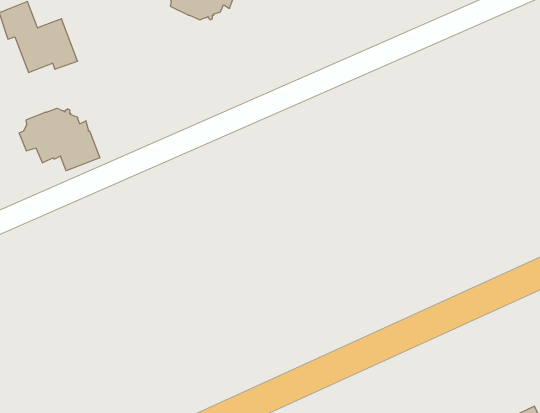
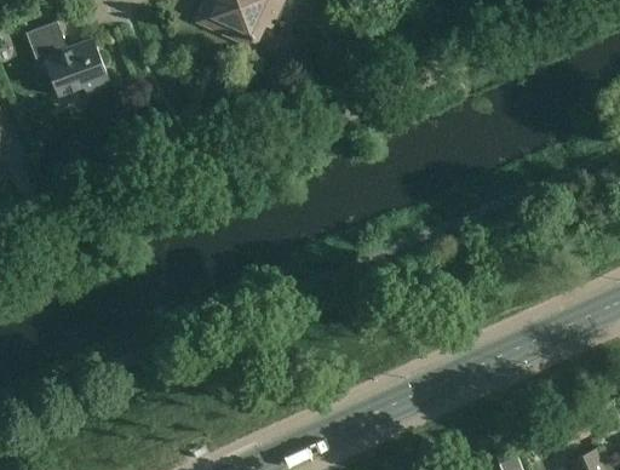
building: [19,108,100,171] -> none

